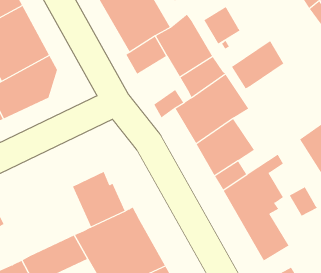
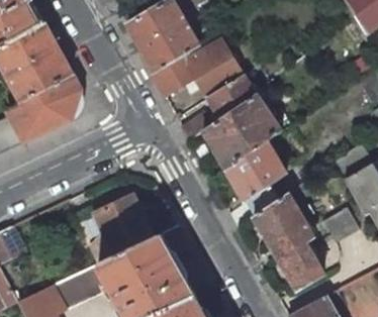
building: [204,6,241,45] -> none
building: [231,40,284,89] -> none

